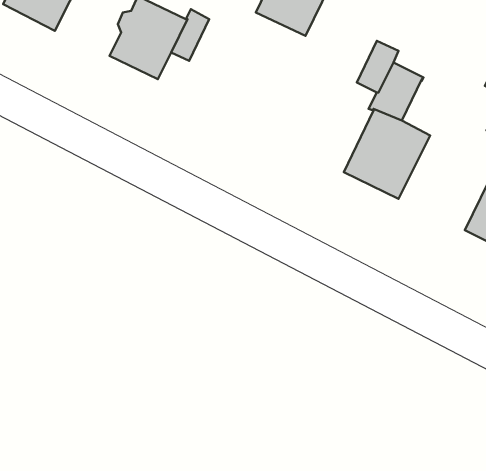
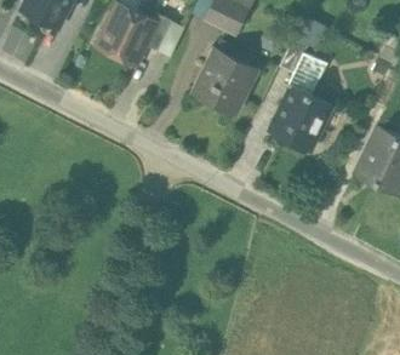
building: none -> [194,48,258,116]

